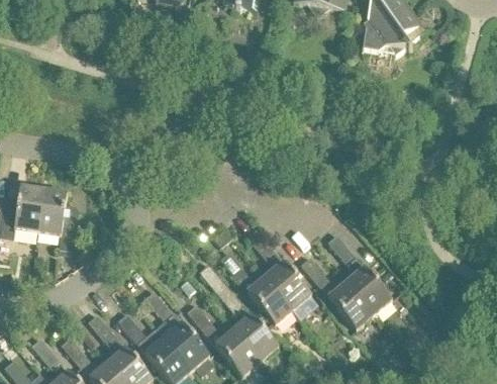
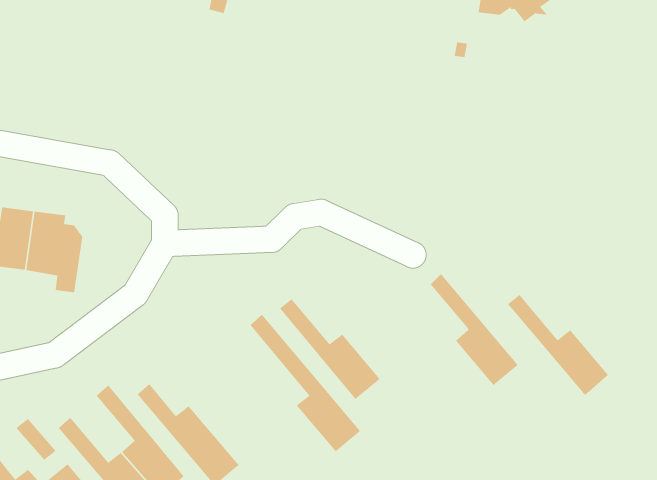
building: [245,227,317,317] -> none
building: [300,256,373,328] -> [507,294,609,396]
building: [144,289,209,370] -> none
building: [186,302,260,376] -> none

